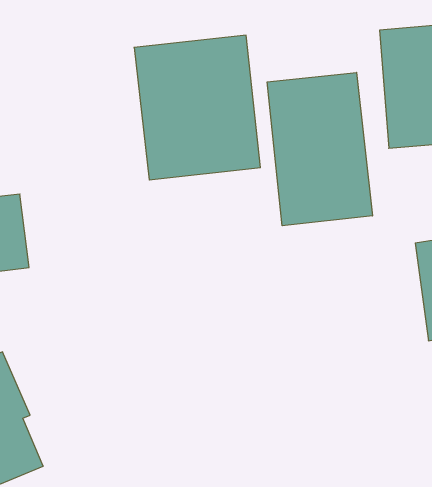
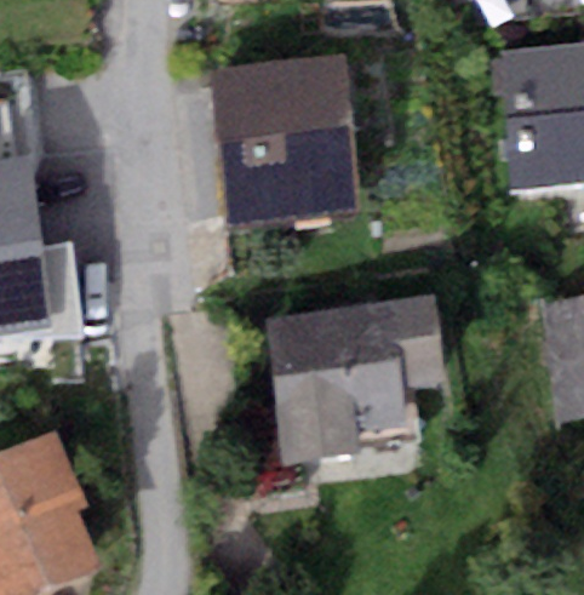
building: [267,72,372,226] -> none
building: none -> [263,294,445,463]

